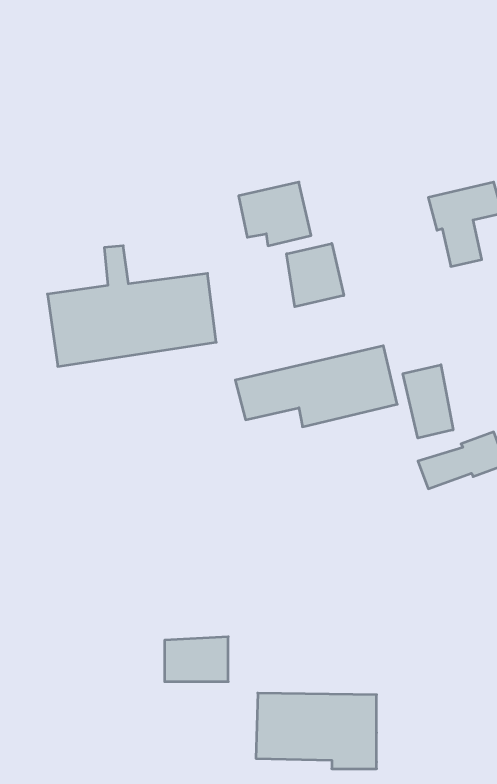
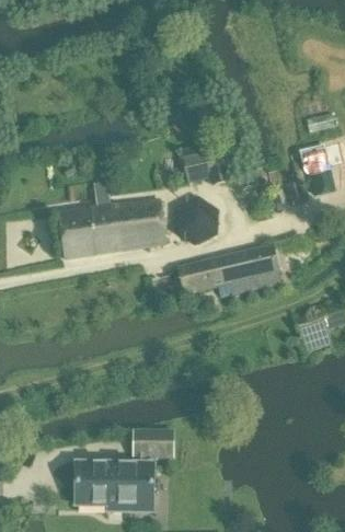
building: [287,243,344,307] -> none
building: [403,365,453,438] -> none
building: [256,693,377,769] -> [76,463,152,511]

